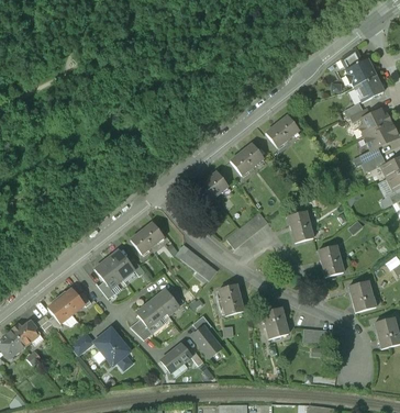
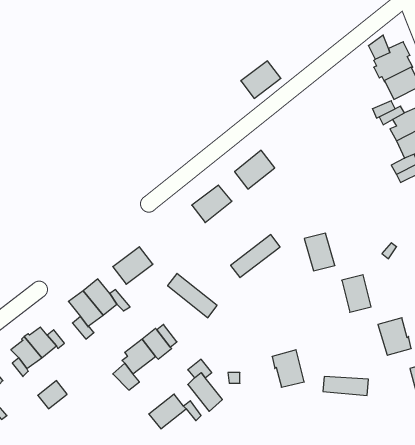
building: [266,115,299,146] -> [241,61,281,98]
building: [219,283,244,315] -> none
building: [95,327,129,364] -> none

